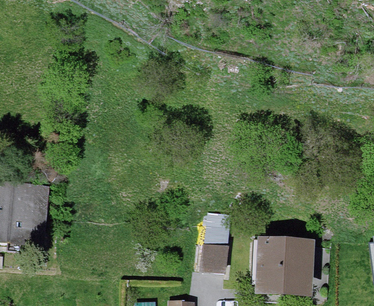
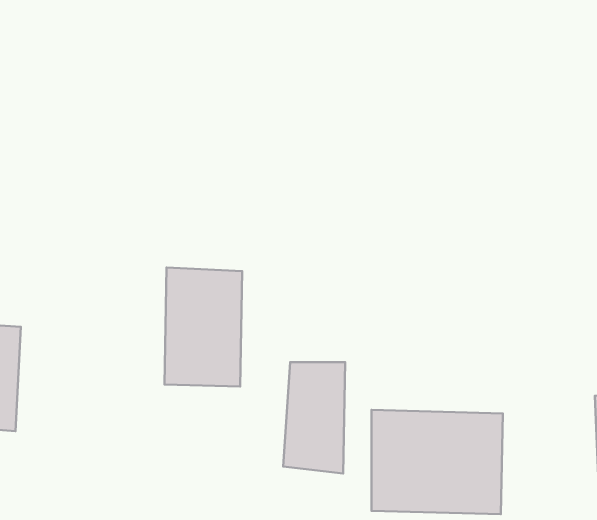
building: none -> [164,268,242,386]

